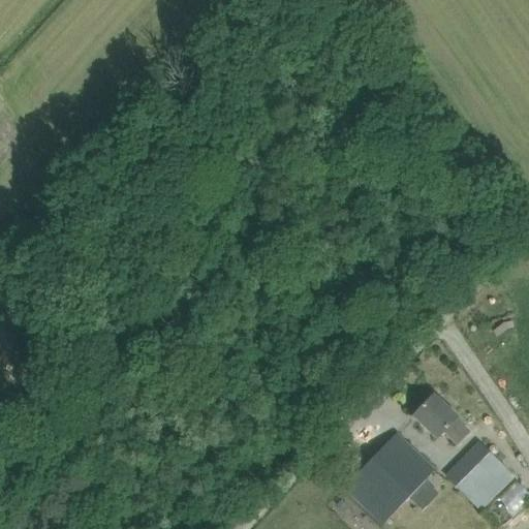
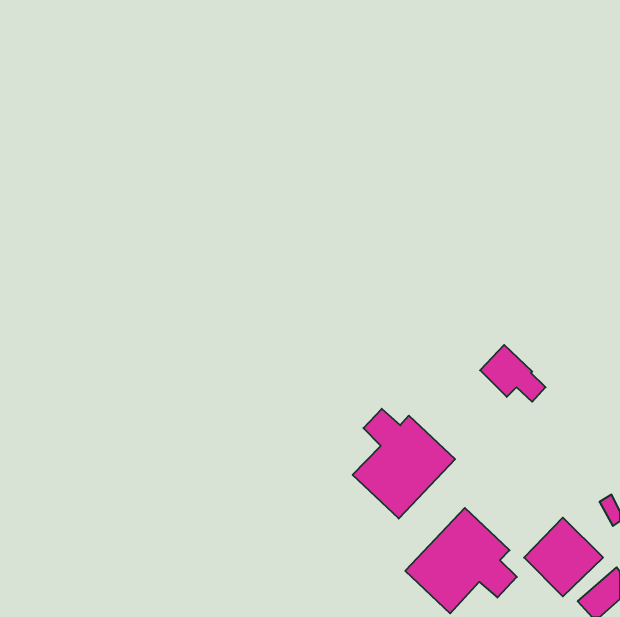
building: none -> [353,409,455,519]
building: [413,393,469,441] -> [480,345,546,402]

